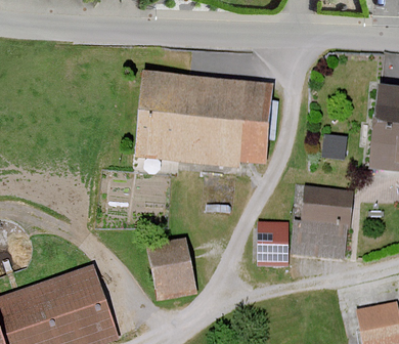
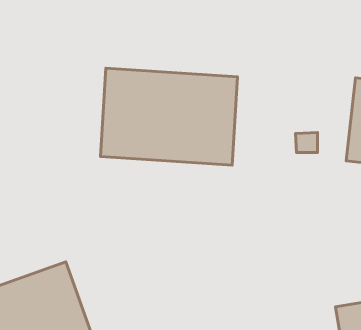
building: [297,184,355,256] -> none
building: [262,220,291,263] -> none
building: [148,239,200,300] -> none

